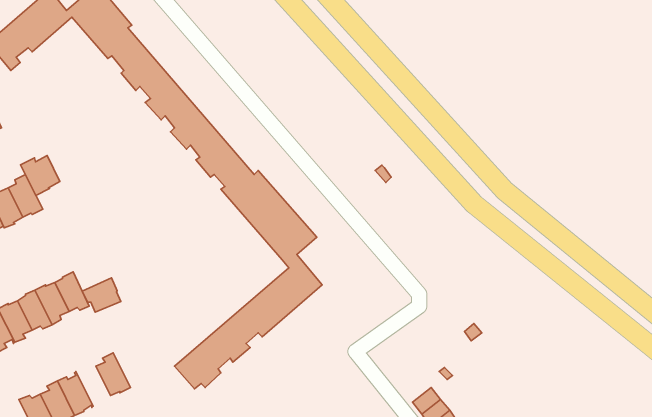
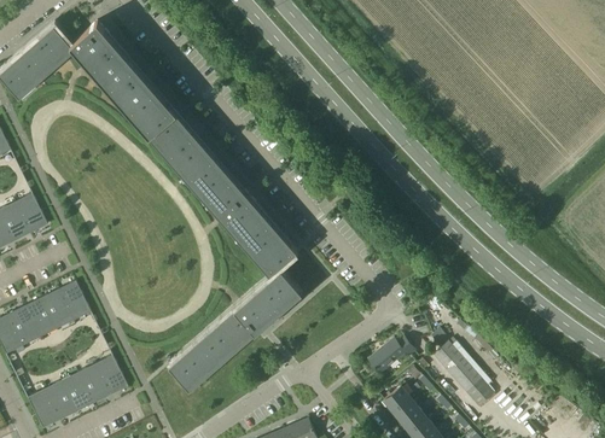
building: [21,156,60,195] -> none
building: [82,278,121,312] -> none
building: none -> [368,338,415,373]
building: none -> [434,340,493,405]
building: none -> [78,367,110,403]

